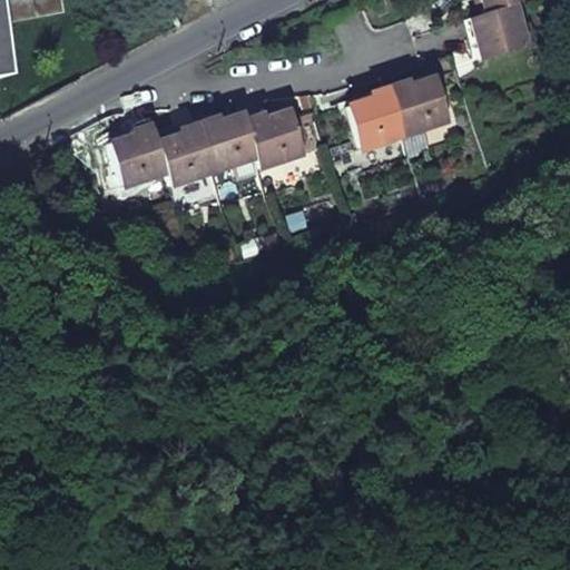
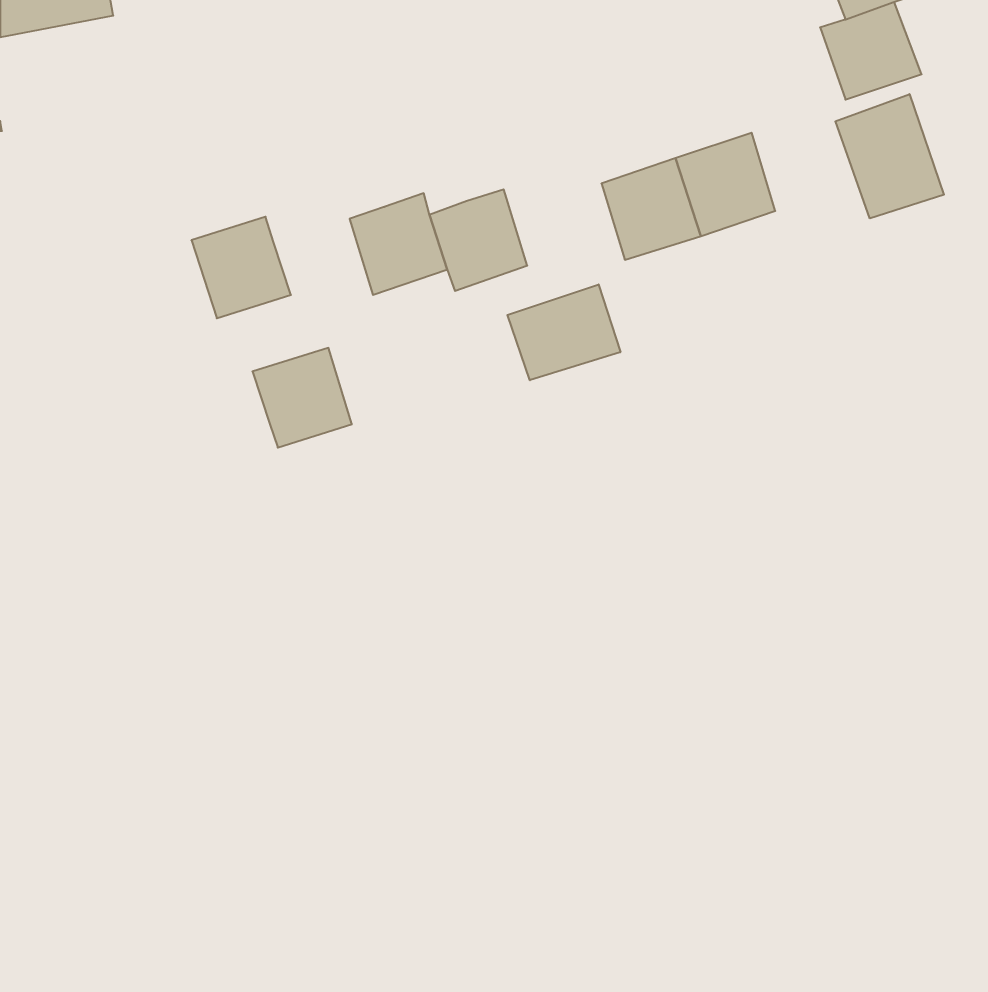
building: none -> [835,94,944,218]
building: [161,125,218,181] -> [252,348,352,448]
building: none -> [507,284,620,380]

